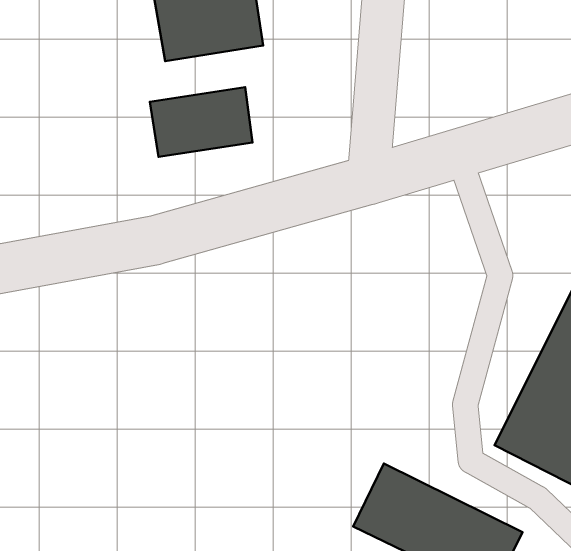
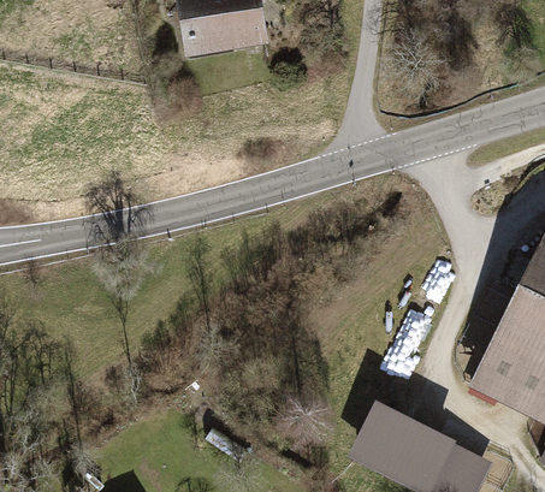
building: [150,87,252,157] -> none

